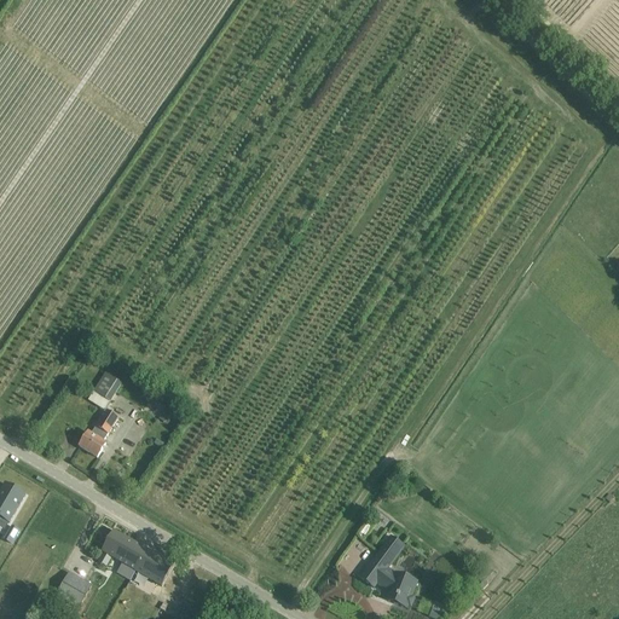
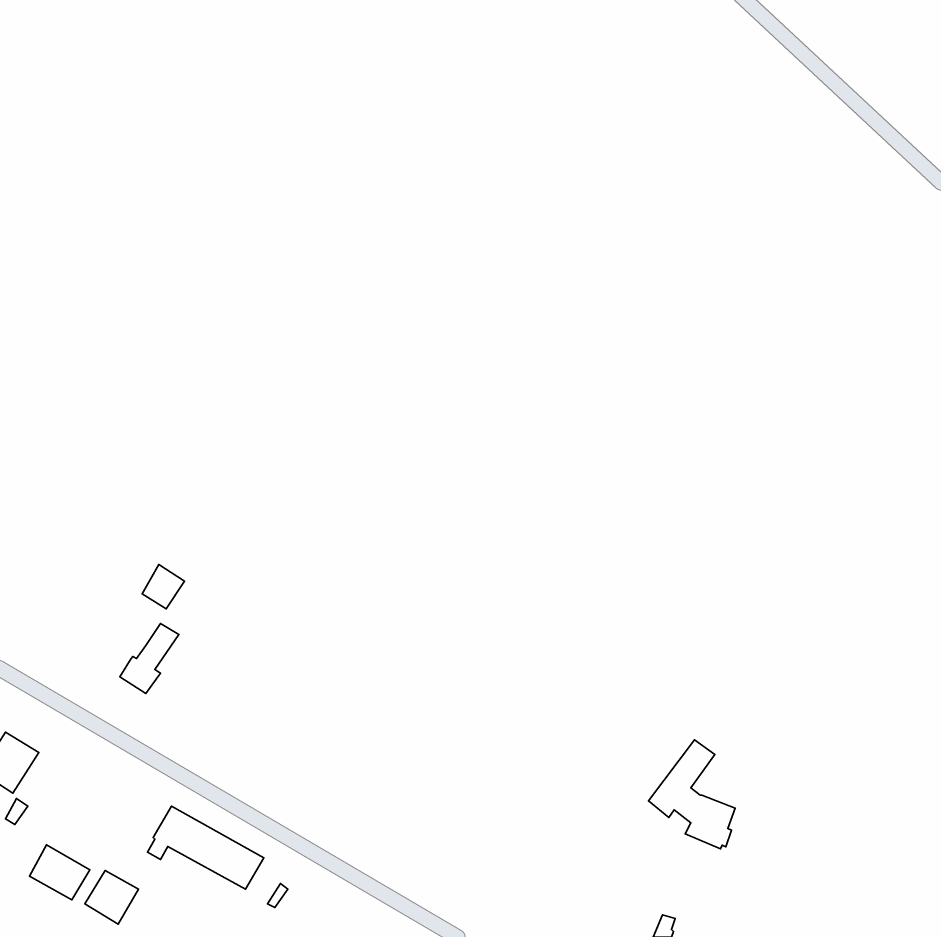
building: [359,534,416,606] -> [648,740,735,849]
building: none -> [29,845,90,900]

